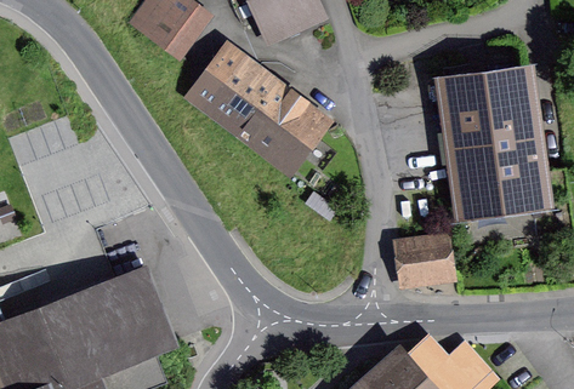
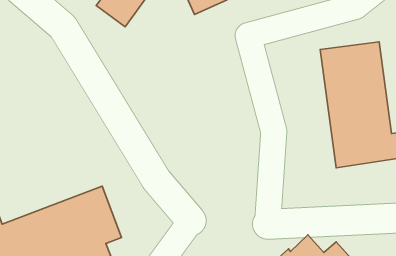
building: [193,51,318,161] -> none
building: [398,235,448,282] -> none

